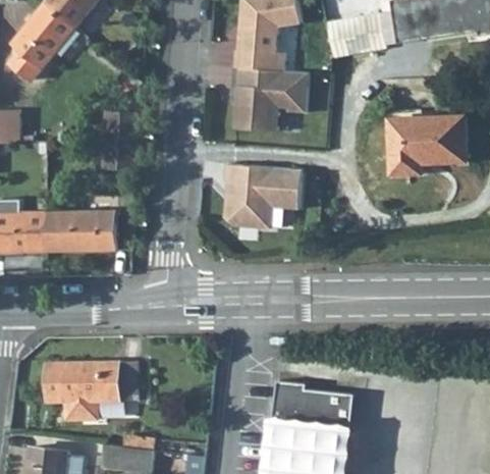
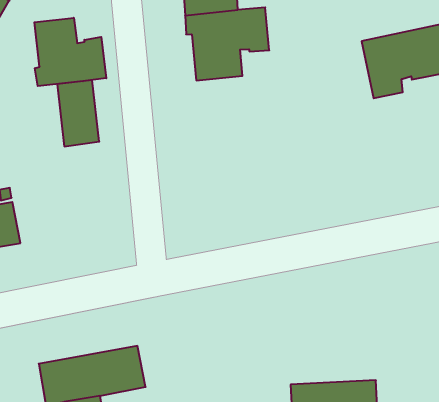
building: none -> [34,18,106,86]
building: [223,164,301,229] -> none
building: [46,211,114,251] -> none
building: [271,381,353,431] -> none

